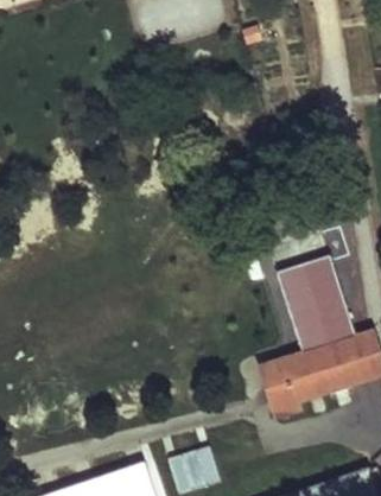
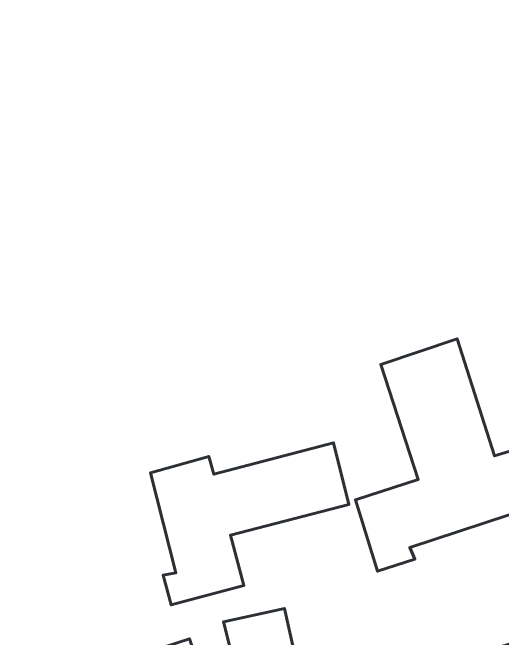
building: none -> [150,443,349,605]

